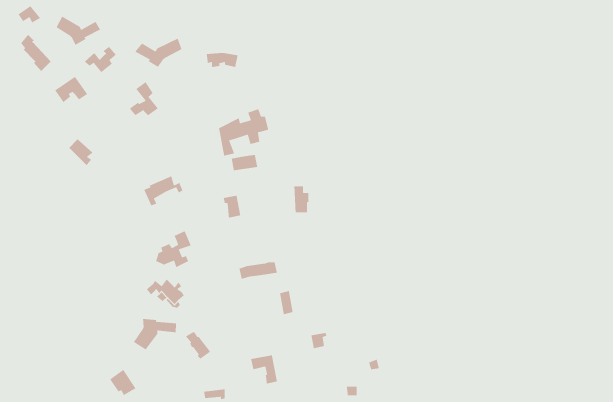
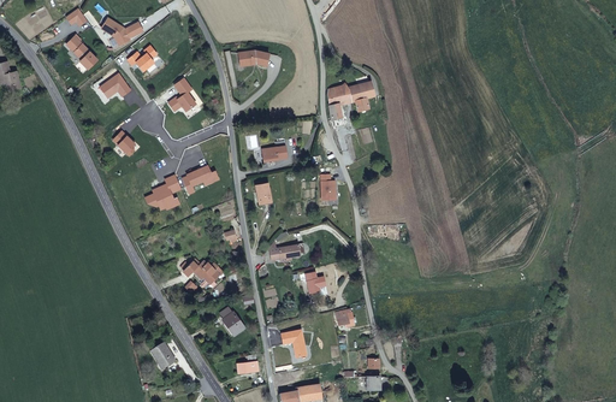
building: [134,37,183,68] -> none
building: [218,108,269,156] -> [326,75,373,119]
building: [155,230,192,268] -> [148,175,182,209]
building: [133,318,177,351] -> none

